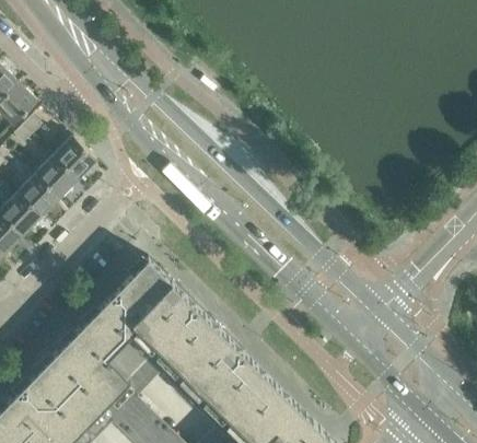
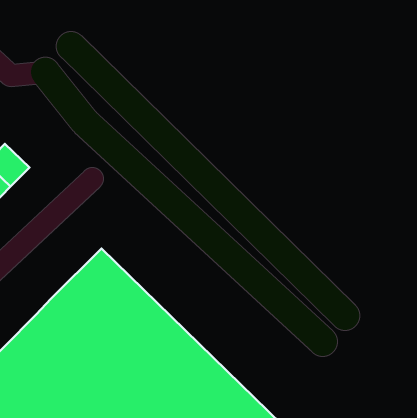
building: [54,139,96,182] -> none

